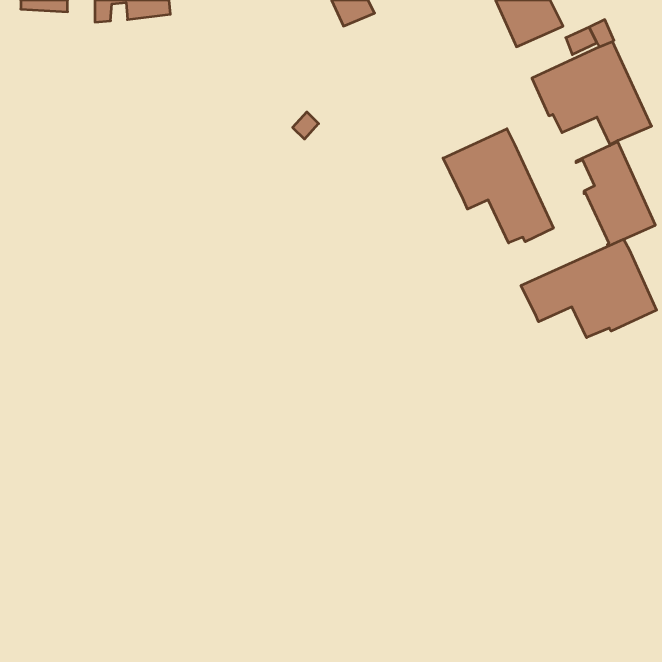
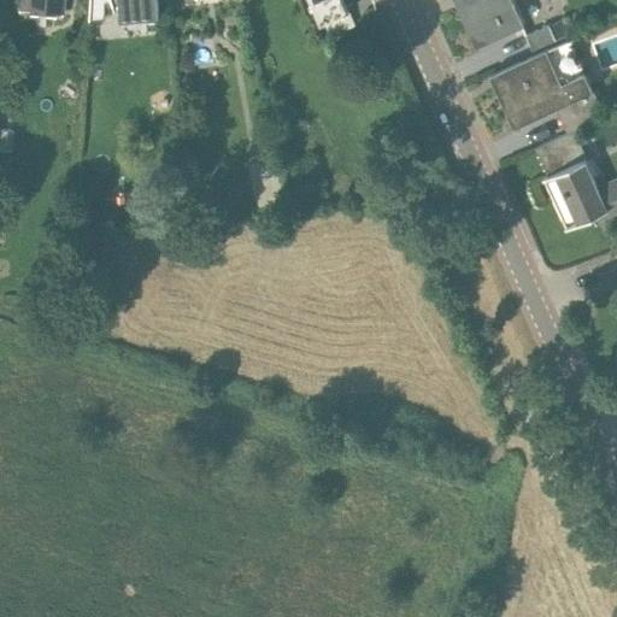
building: [443,129,553,243] -> none
building: [521,239,657,338] -> none

